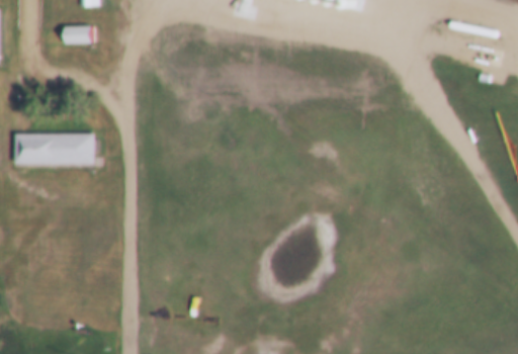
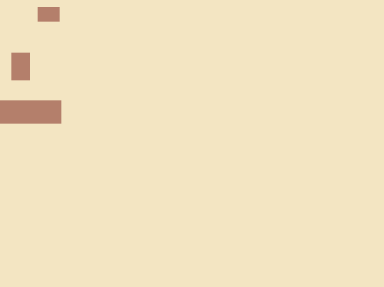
building: none -> [11,52,30,81]

